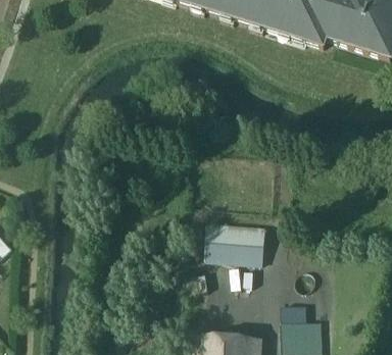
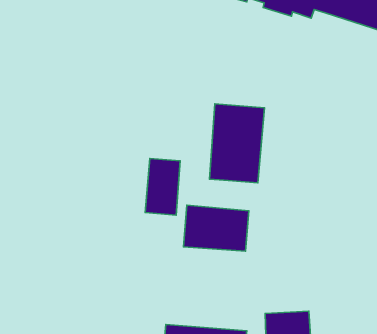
building: none -> [209,104,264,183]
building: none -> [145,158,180,215]

